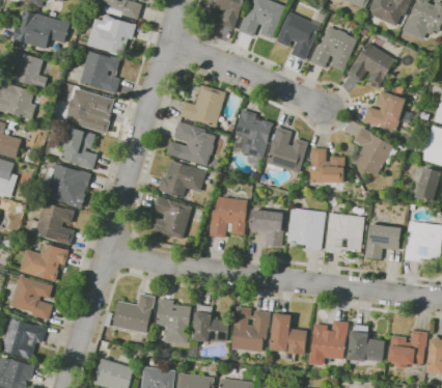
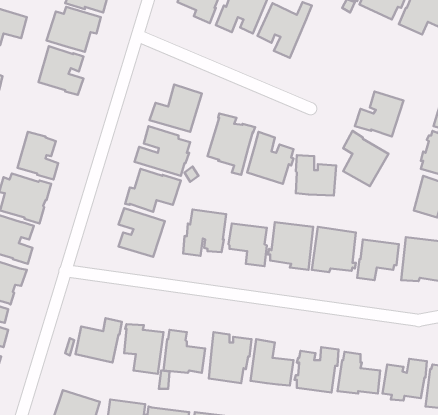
building: [309,26,357,71] -> none
building: [348,41,395,87] -> none
building: [65,88,114,134] -> none

